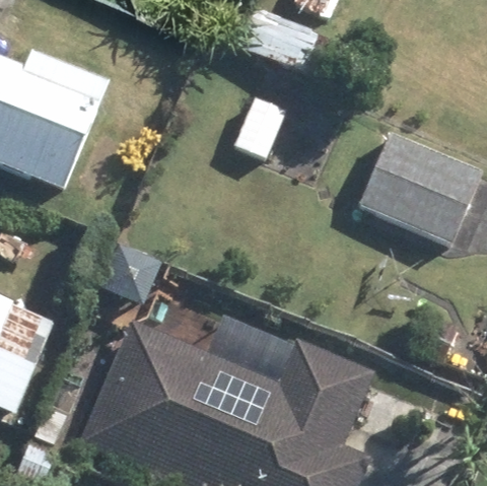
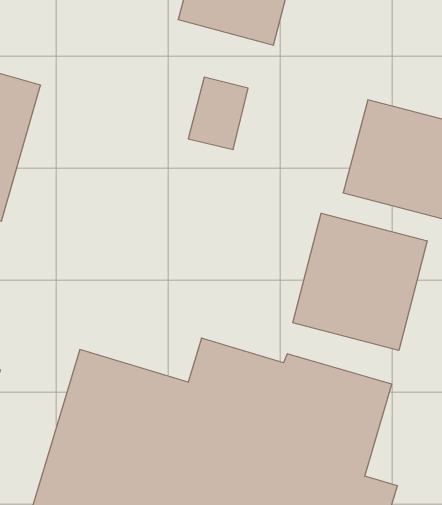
building: none -> [293,213,427,350]

